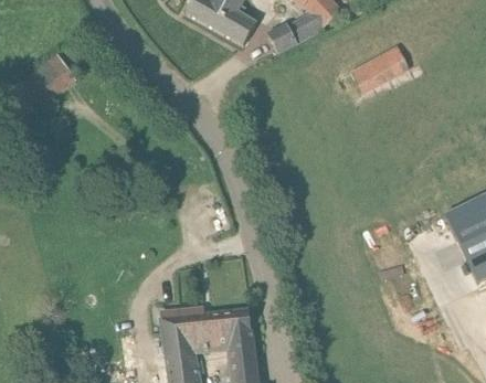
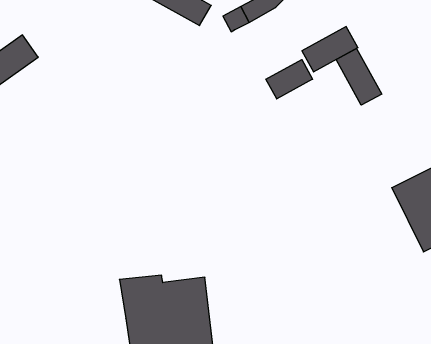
building: none -> [336,48,382,105]
building: none -> [266,60,313,99]

